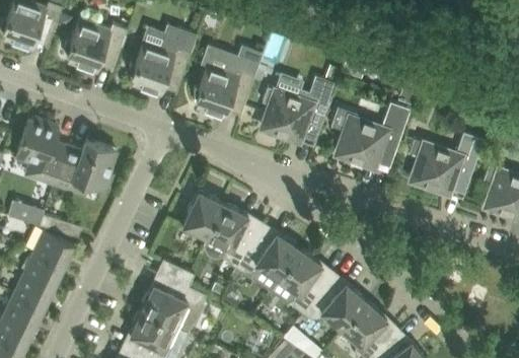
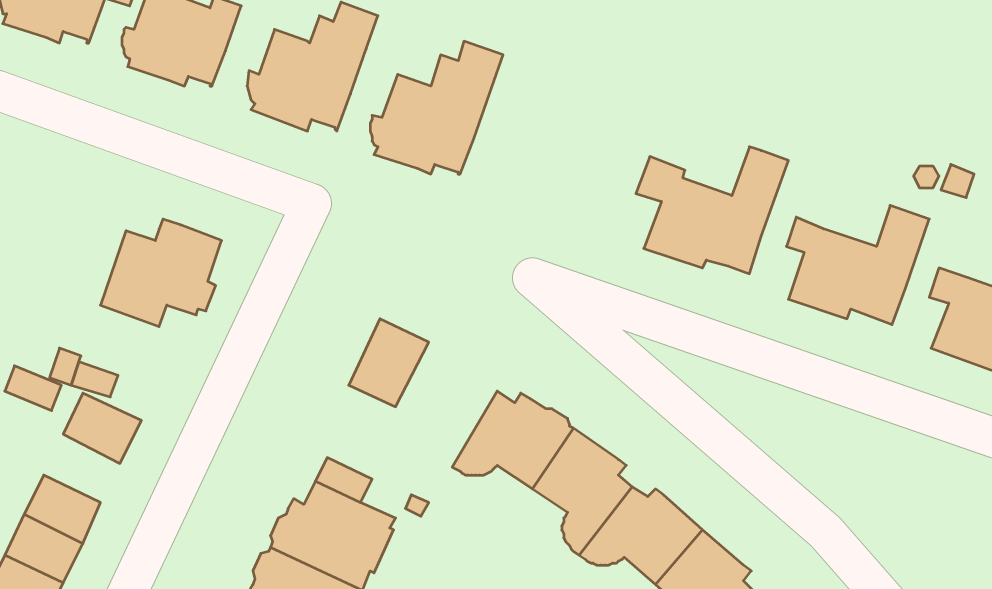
building: [261,75,336,141] -> none
building: [14,117,66,184] -> none
building: [206,203,258,268] -> none
building: [23,250,63,286] -> none

